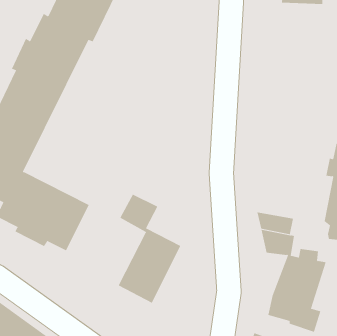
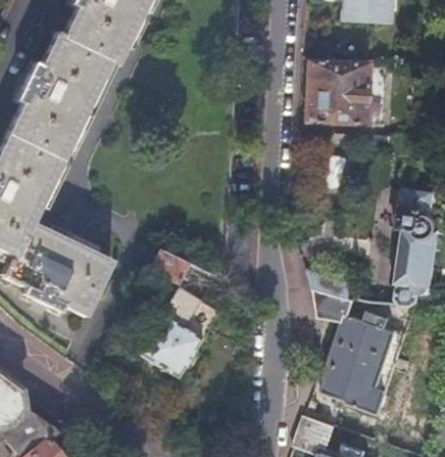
building: none -> [305,60,386,125]

